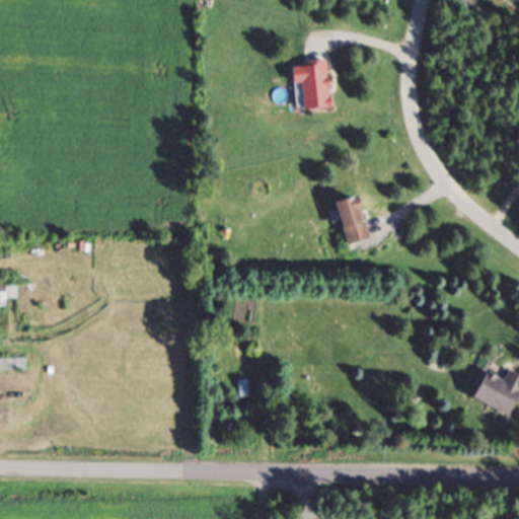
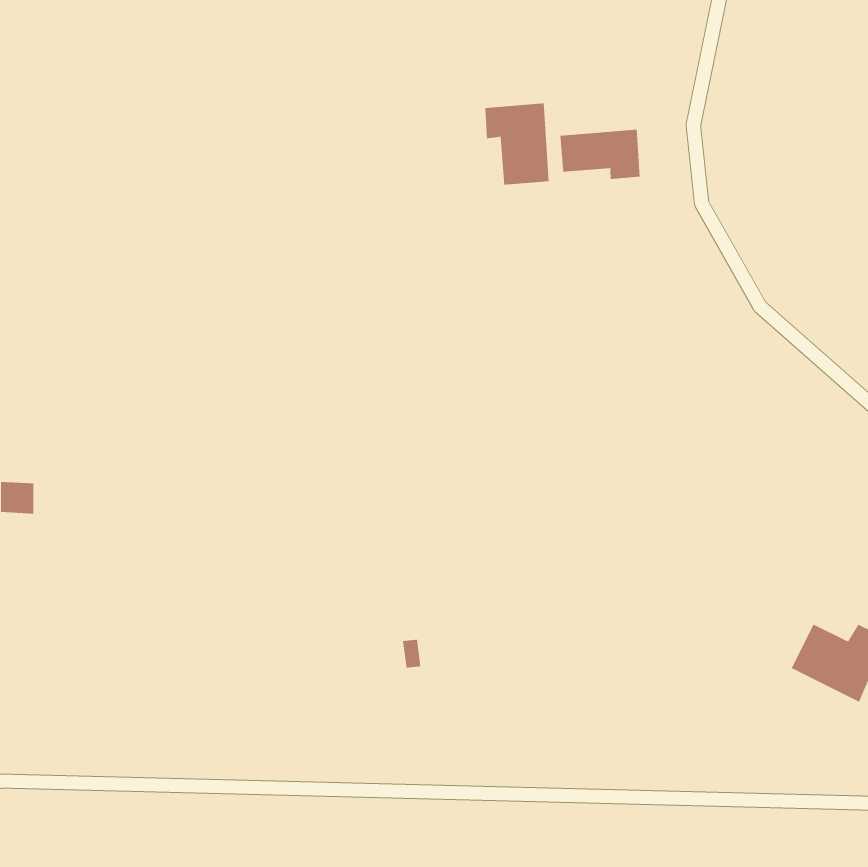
building: none -> [560,129,640,180]
building: [332,194,372,245] -> none

